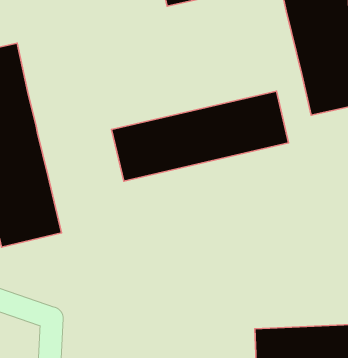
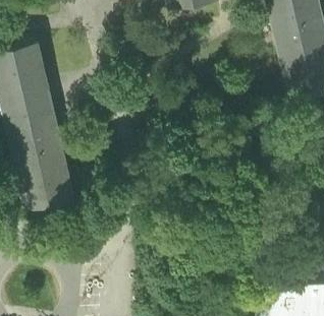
building: [111,91,289,181] -> none

